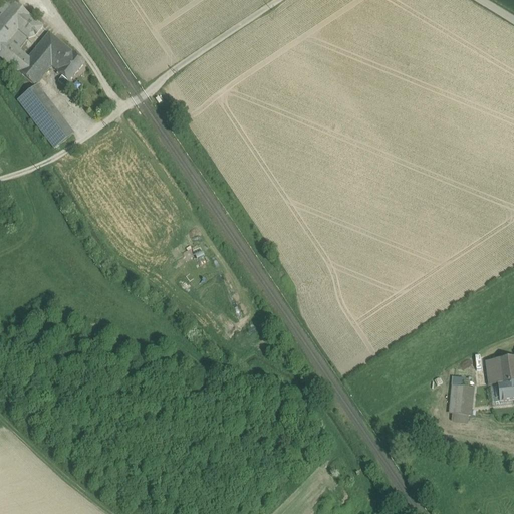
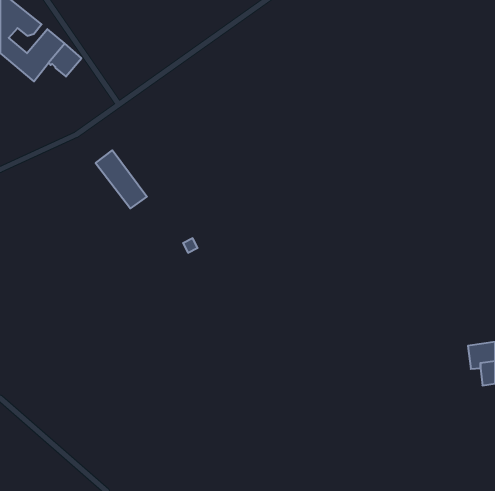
building: [18,85,71,146] -> [96,150,147,208]
building: [450,383,473,413] -> none

